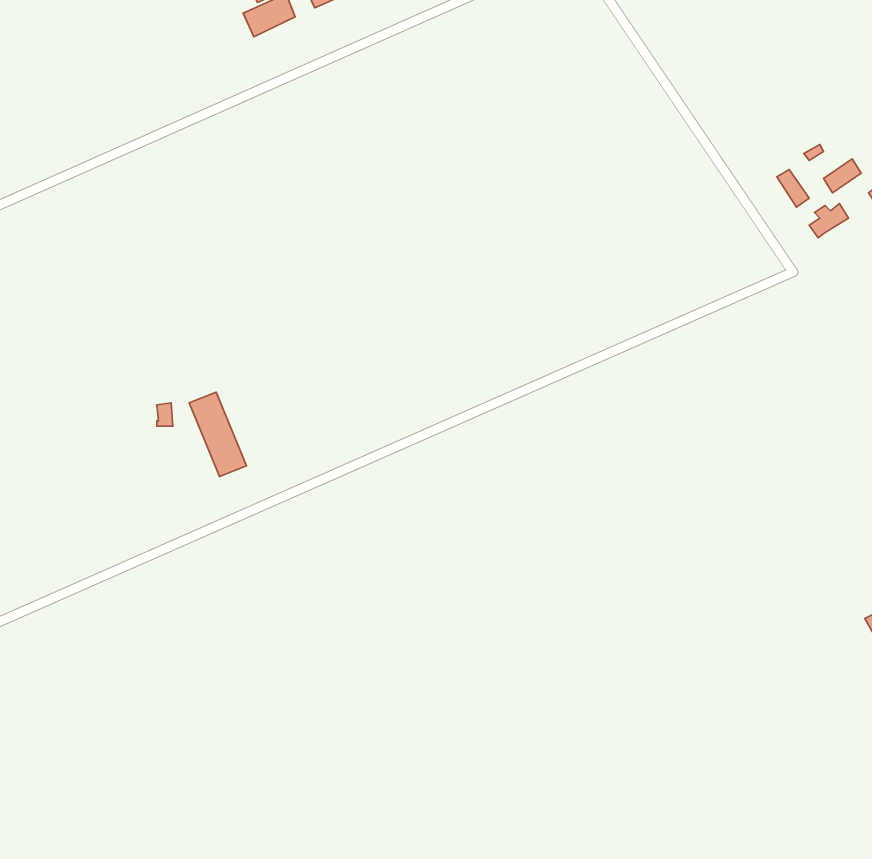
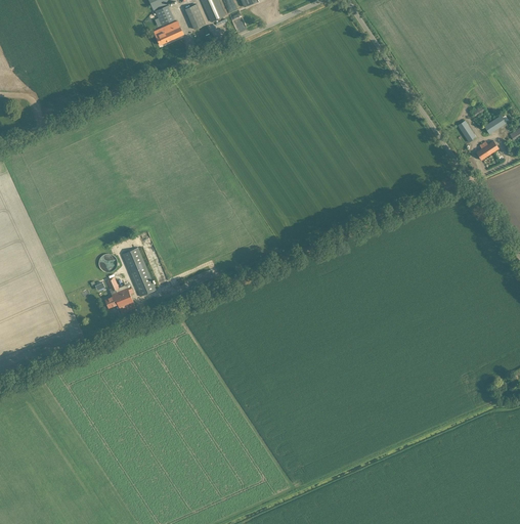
building: none -> [105,276,136,312]

